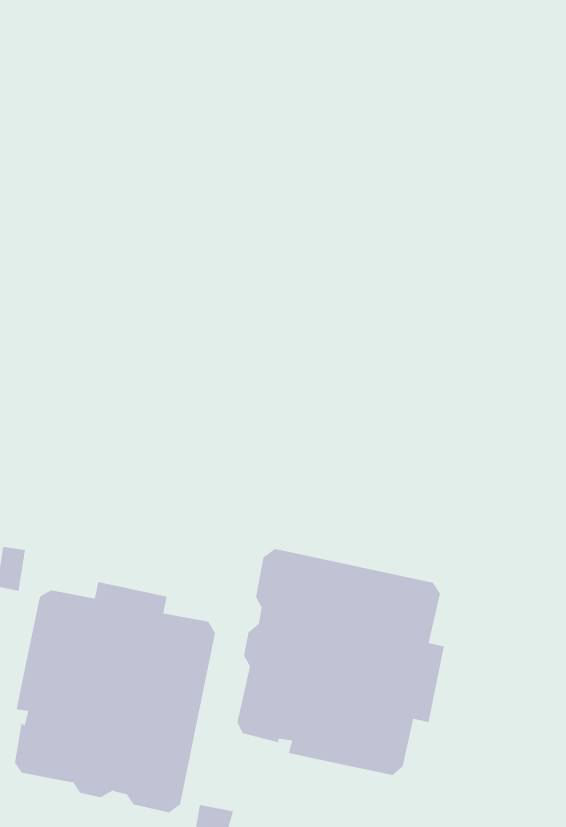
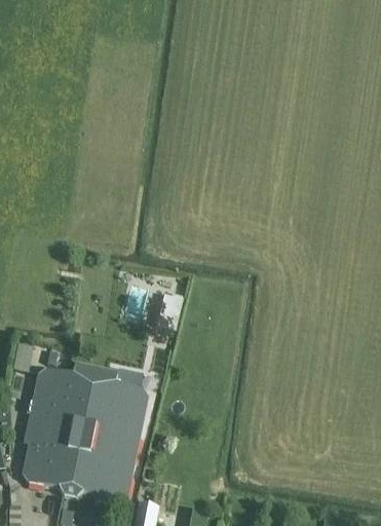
building: [237,548,445,776] -> none

